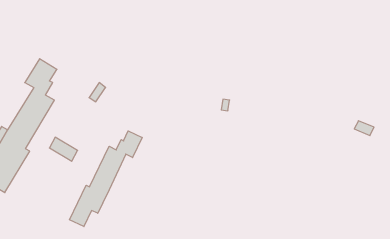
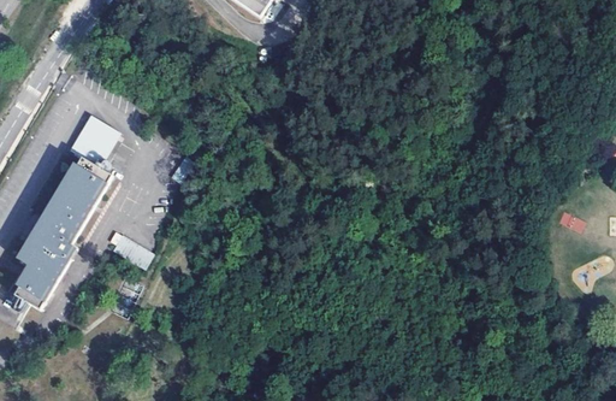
building: [70,131,142,227] -> none

